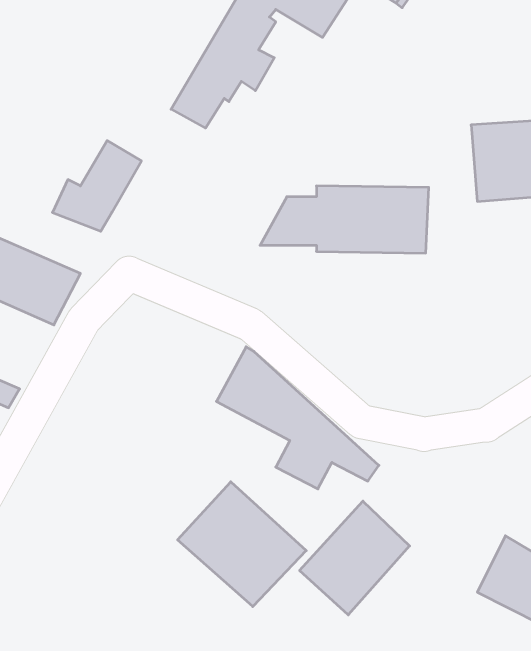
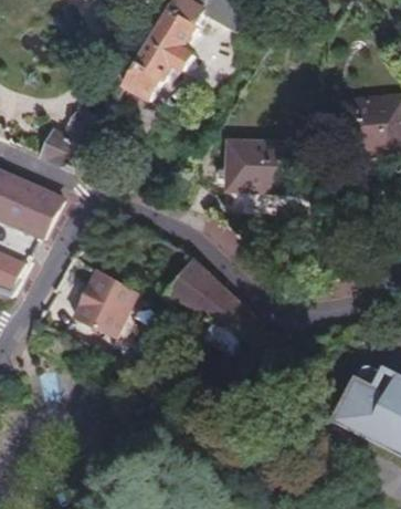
building: none -> [75,271,135,336]
building: [178,482,306,607] -> none
building: [300,501,410,615] -> none

